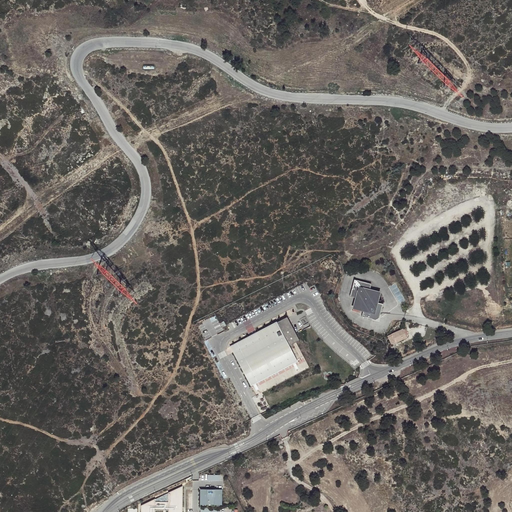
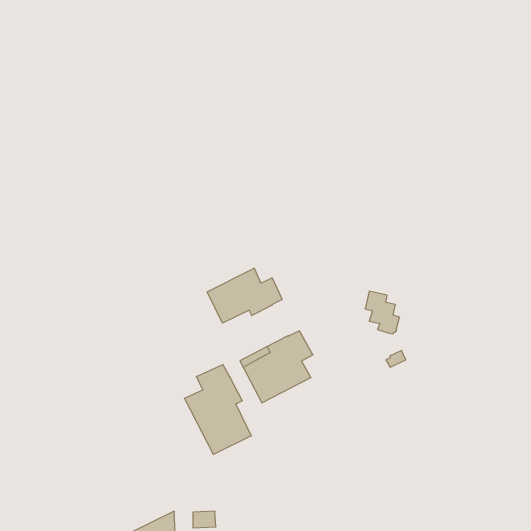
building: none -> [207,268,282,323]
building: none -> [185,364,251,454]

